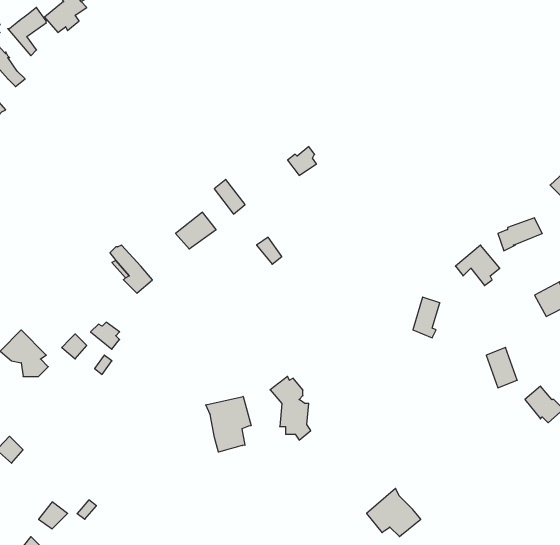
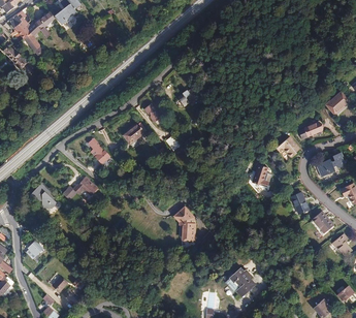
building: [206,396,251,452] -> none

